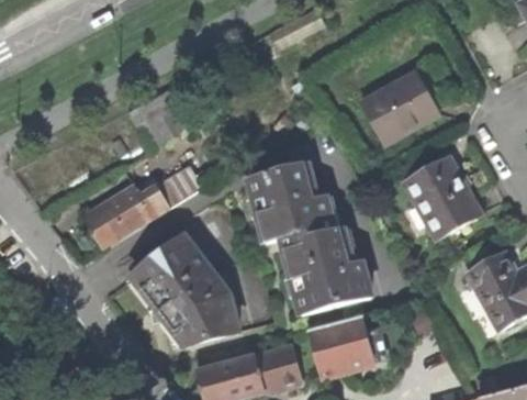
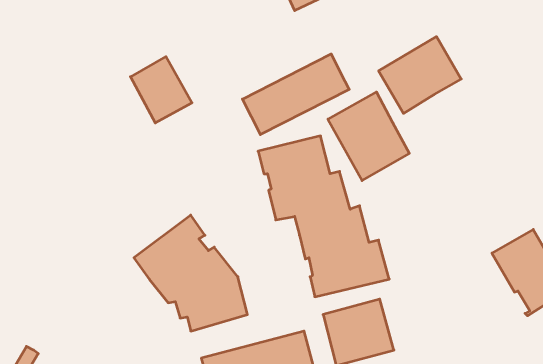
building: none -> [242,54,349,135]
building: [403,156,479,238] -> [328,92,409,181]
building: [87,173,204,245] -> none

